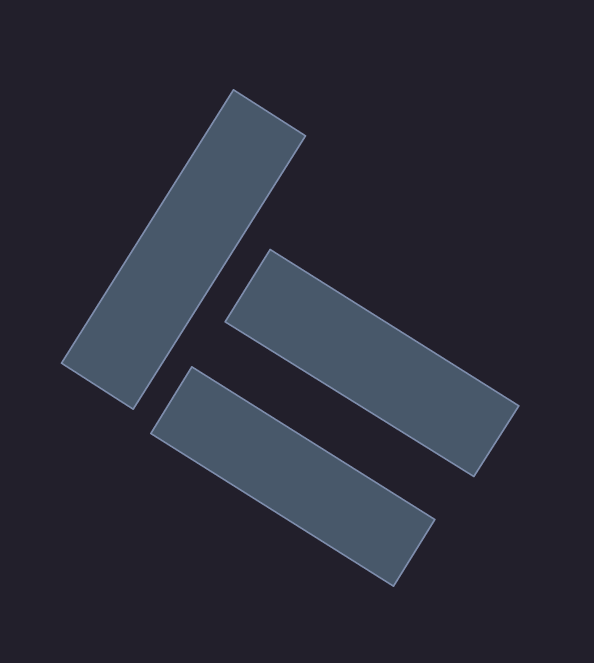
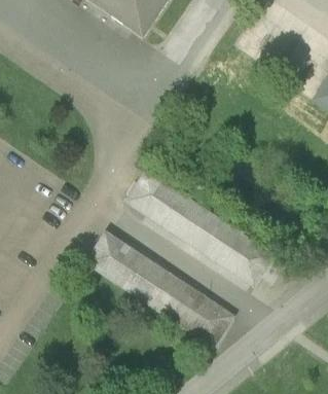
building: [61,90,306,409] -> none

